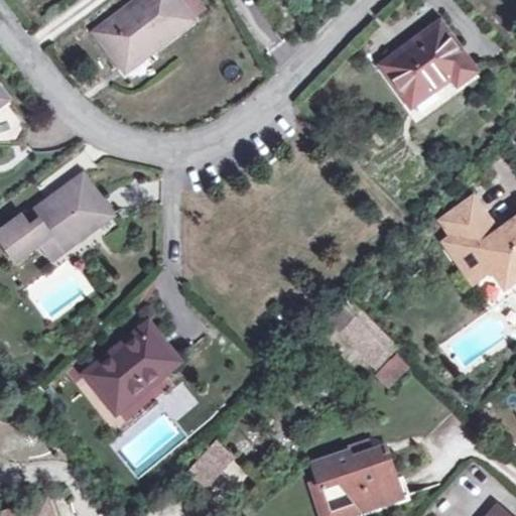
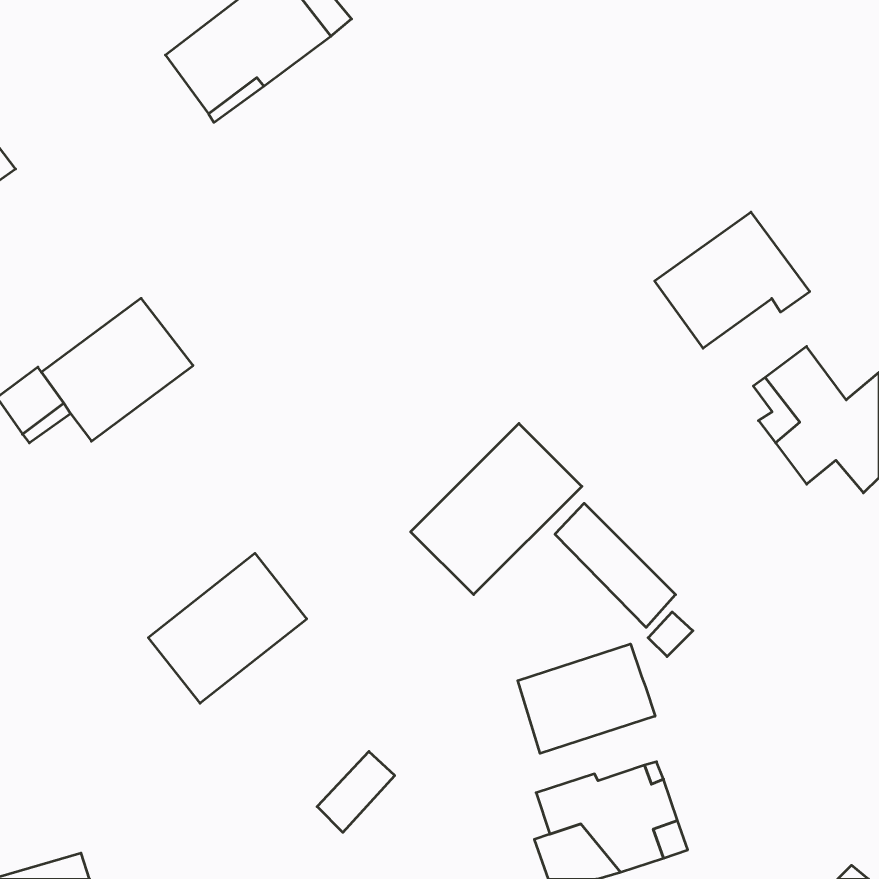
building: [384,25,475,105] -> [655,212,810,348]
building: none -> [411,423,582,595]
building: none -> [518,644,655,753]

